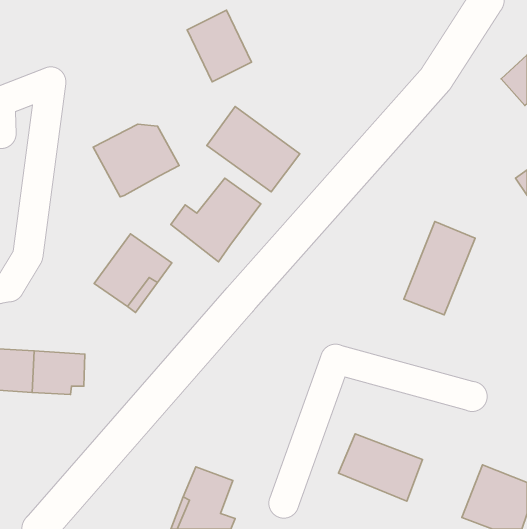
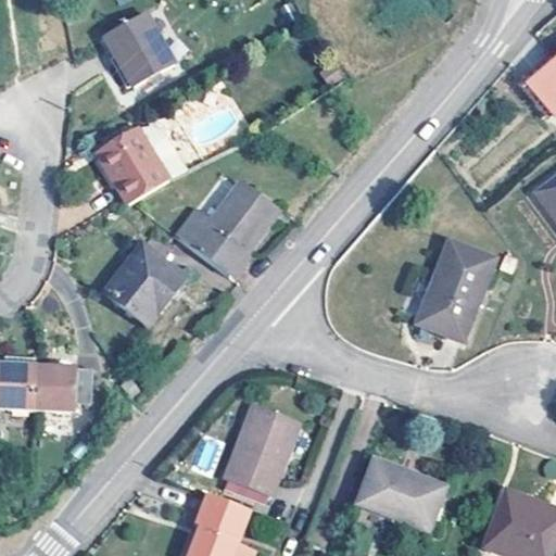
building: [187,10,251,82] -> [111,14,178,89]
building: [207,106,300,192] -> none
building: none -> [226,404,293,489]

